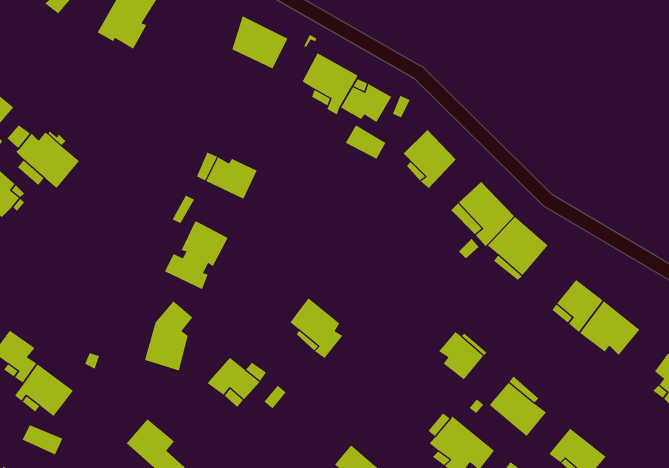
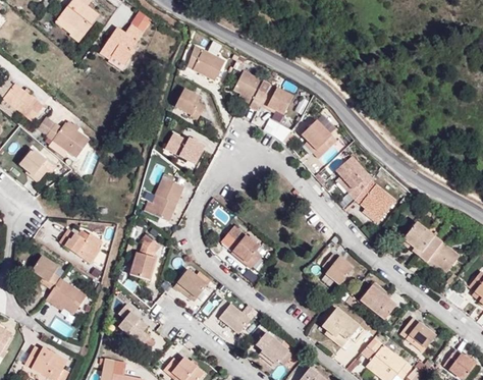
building: none -> [176,90,207,121]
building: none -> [57,226,100,263]
building: none -> [219,301,252,332]

